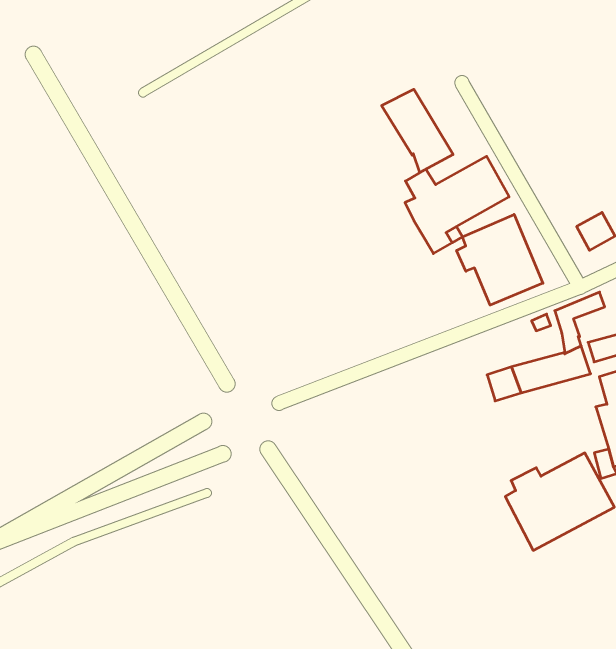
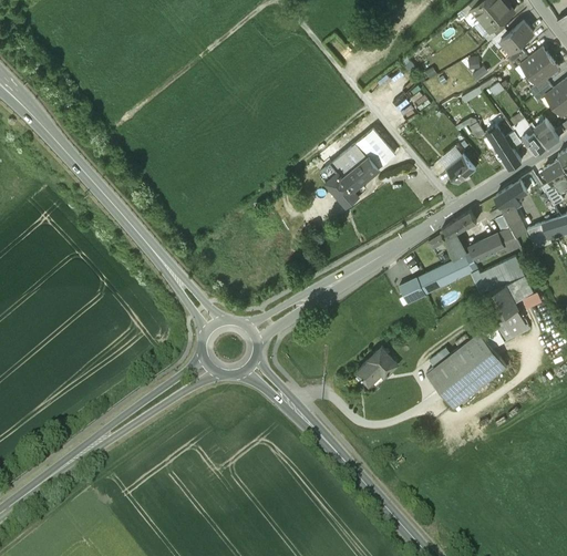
building: [382,89,453,172] -> none
building: [457,214,543,305] -> none
building: none -> [358,346,398,382]

